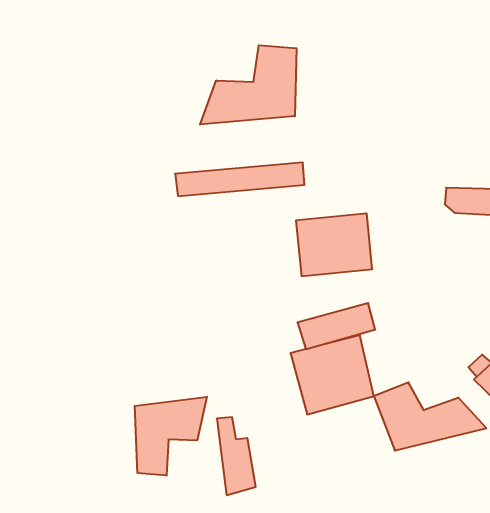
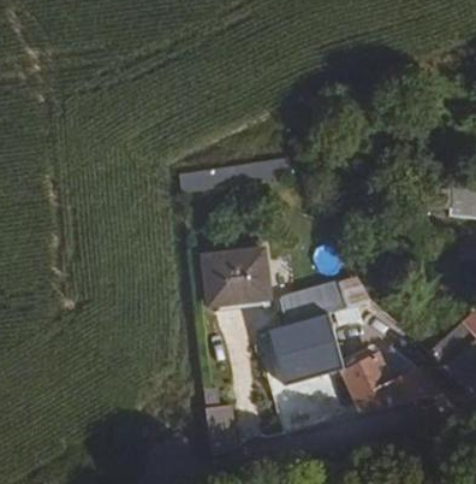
building: [200,45,297,125] -> none
building: [296,213,372,276] -> [204,246,270,300]
building: [135,397,207,476] -> none

